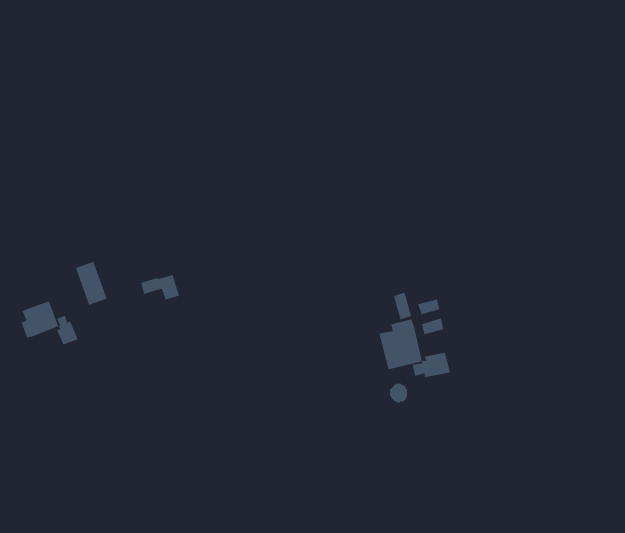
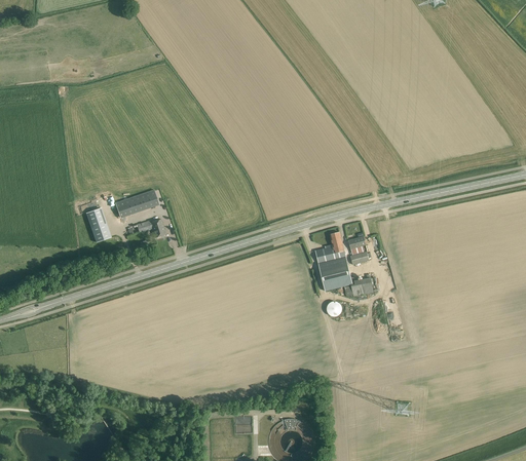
building: none -> [114,190,158,217]
building: [21,301,78,345] -> none

